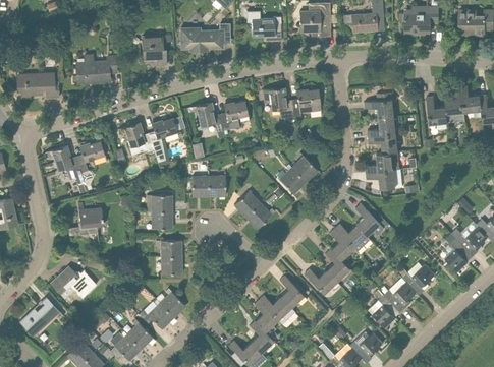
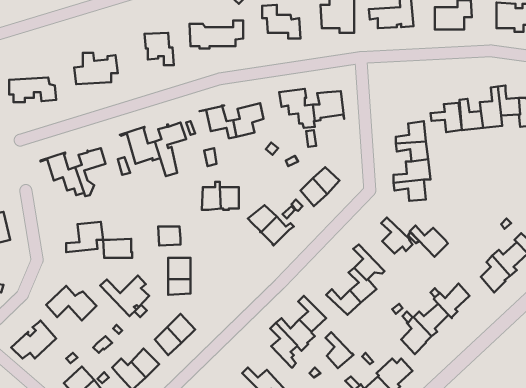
building: [365,91,393,118] -> [430,103,462,132]
building: [146,194,172,211] -> [103,239,132,258]
building: [334,223,369,251] -> [410,226,448,257]
building: none -> [100,276,149,316]
building: [250,320,275,353] -> [326,332,354,368]

